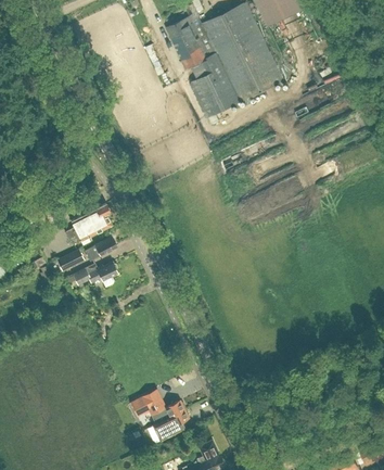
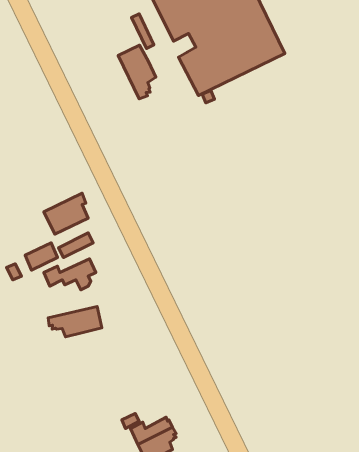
building: none -> [118,45,156,99]
building: none -> [48,307,102,337]

